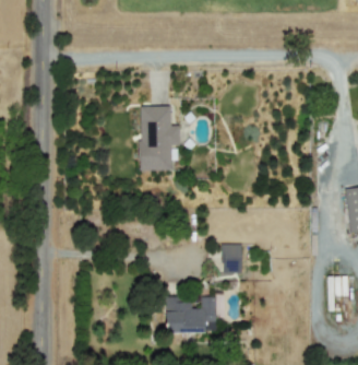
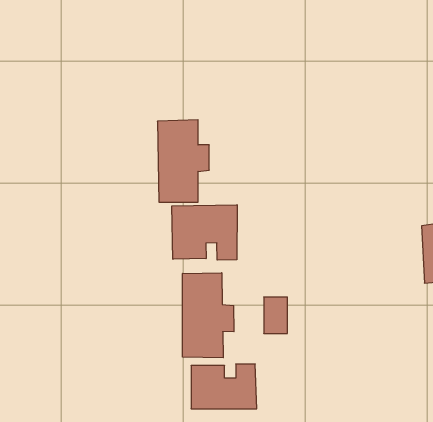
building: none -> [172,205,237,260]
building: none -> [183,273,234,358]

